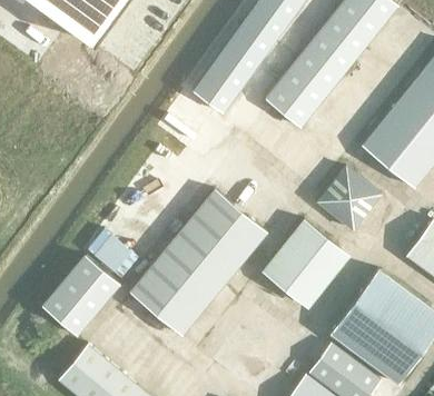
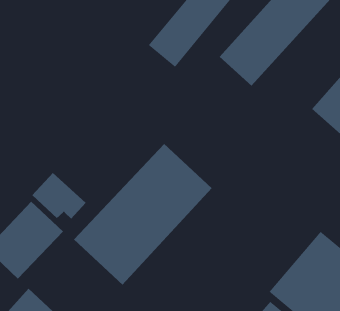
building: [317,168,379,230] -> none
building: [260,219,338,300] -> none

